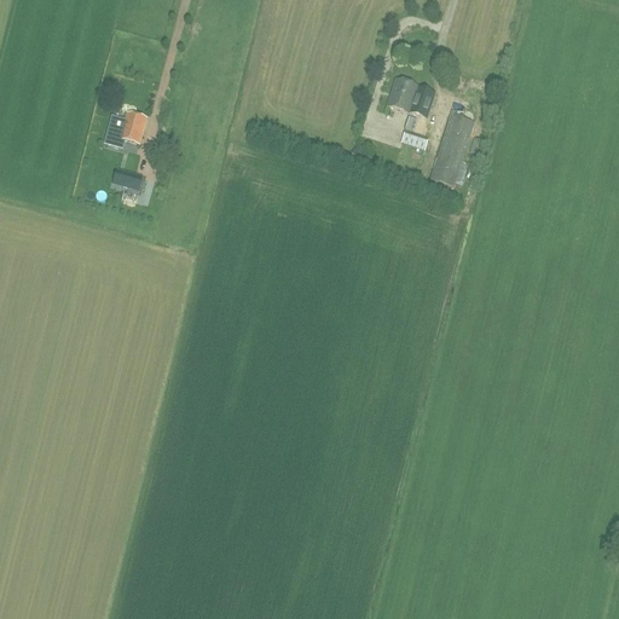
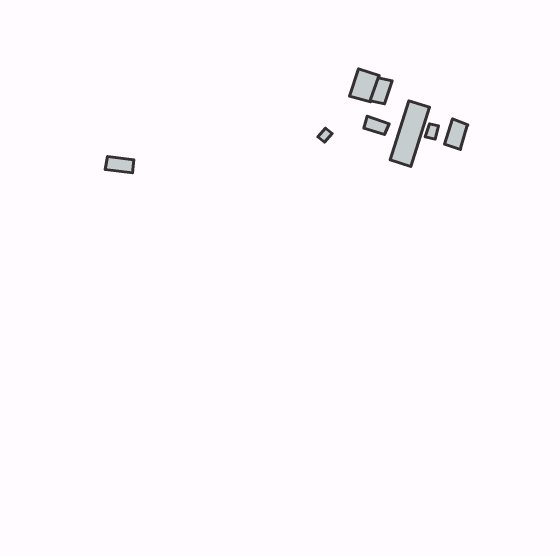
building: [110,109,146,141] -> none
building: none -> [445,119,468,149]

